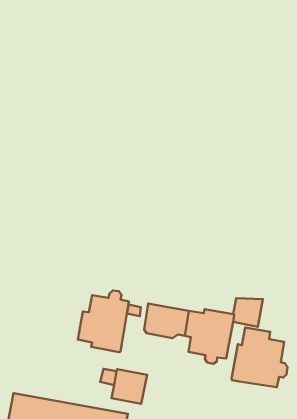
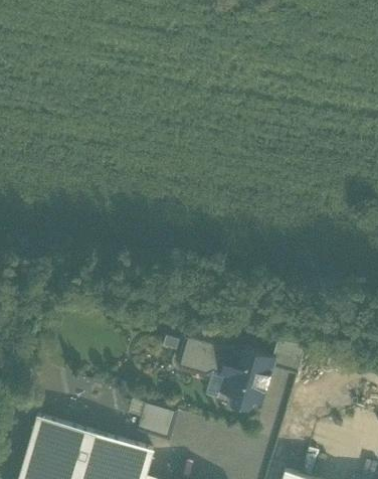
building: [78,290,129,352] -> none
building: [232,327,288,387] -> none

